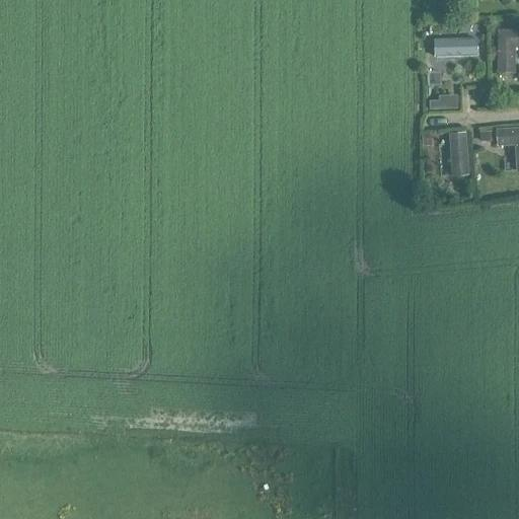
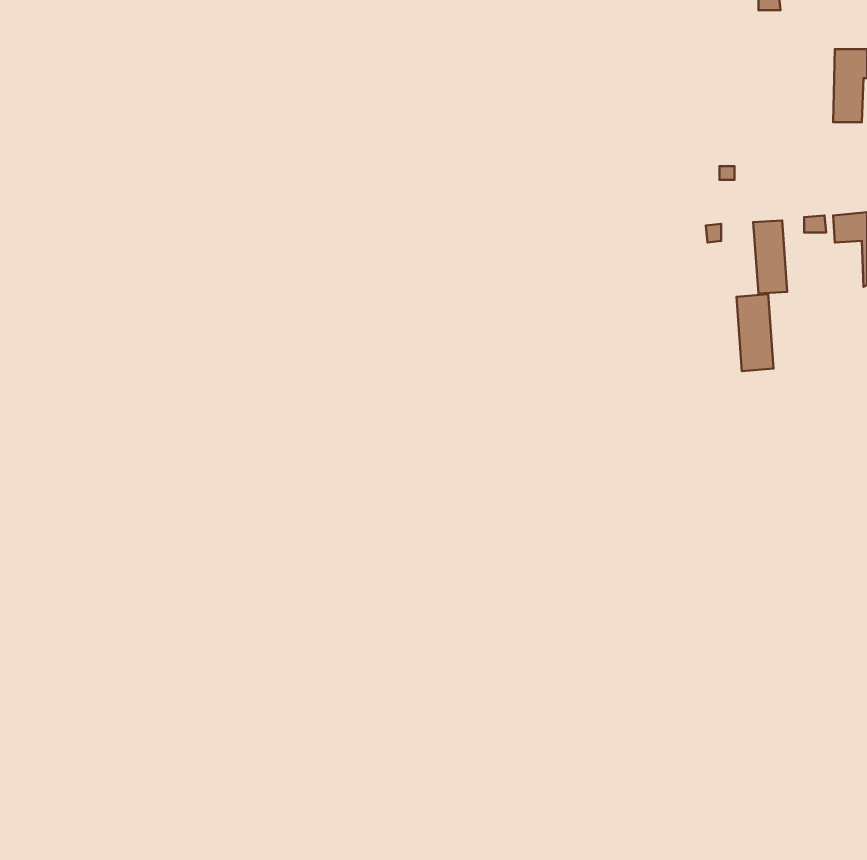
building: [434,36,477,55] -> none
building: none -> [736,294,773,371]

